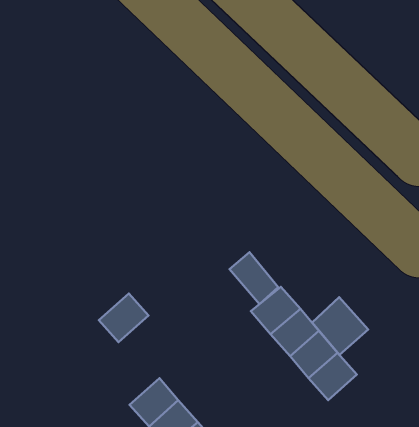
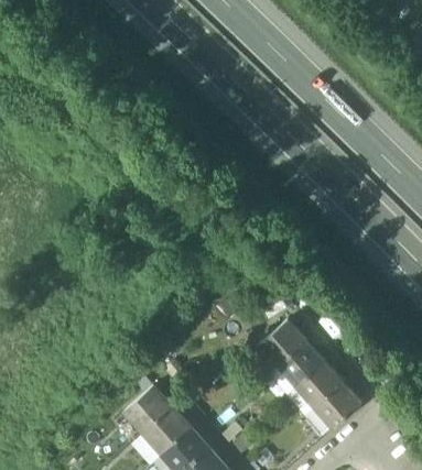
building: [230,252,278,304] -> none
building: [99,294,149,342] -> [125,386,172,433]
building: [312,297,368,355] -> none

